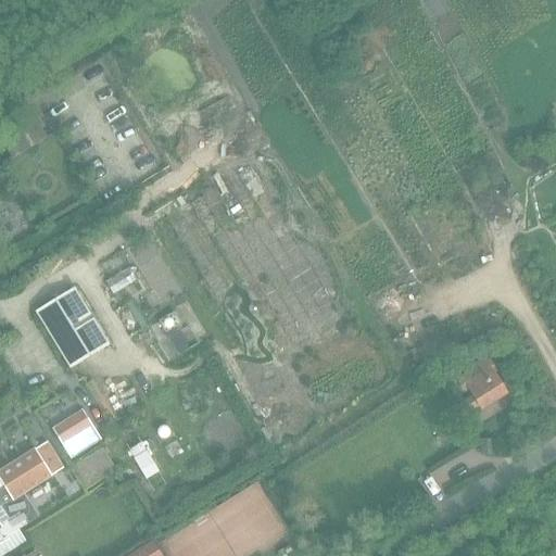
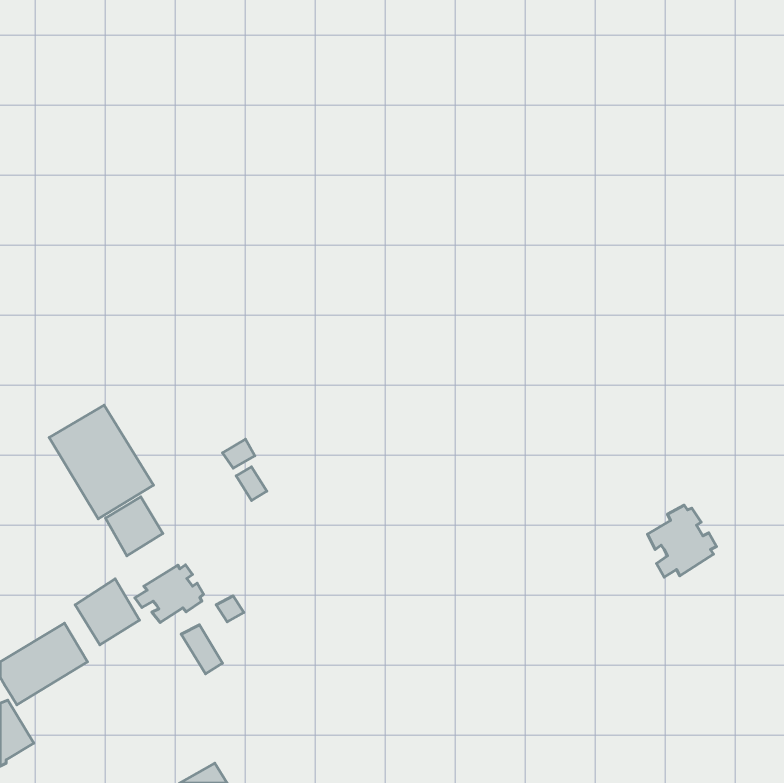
building: none -> [105,497,163,556]
building: none -> [135,565,203,622]

